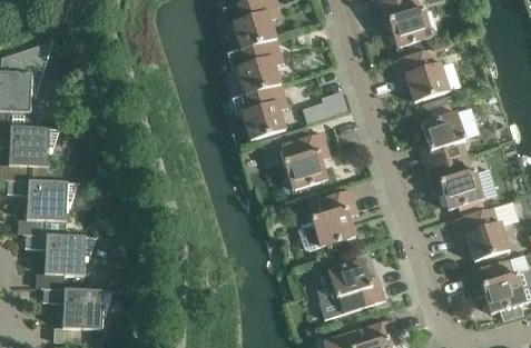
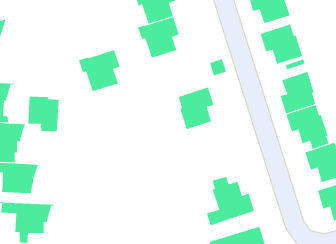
building: [232,83,288,140] -> [78,49,120,92]
building: none -> [28,96,59,132]
building: [299,189,358,250] -> none

